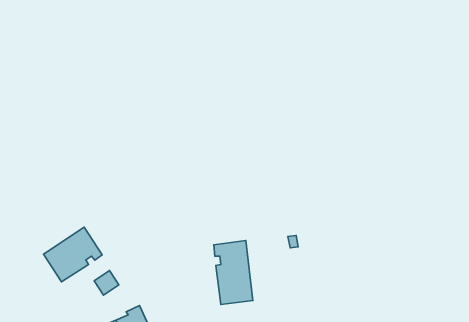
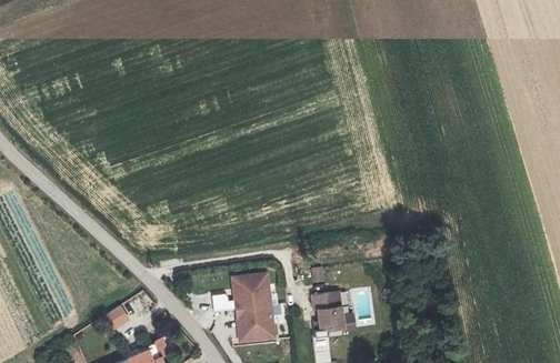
building: [43,227,102,282] -> none
building: none -> [312,292,354,331]

